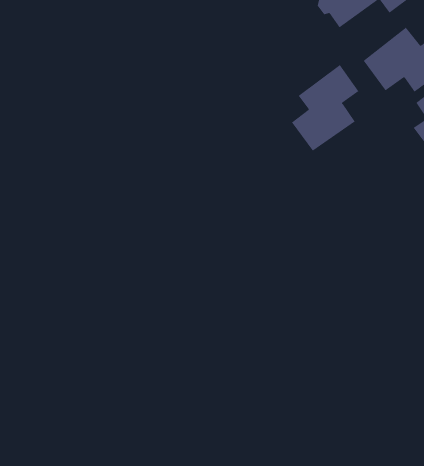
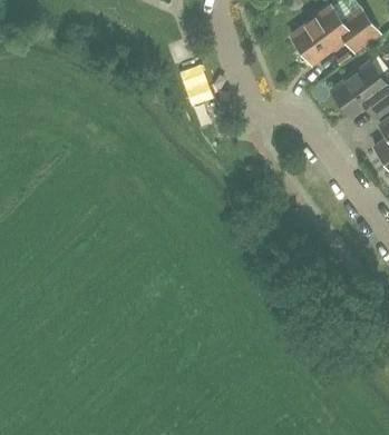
building: [291,64,359,151] -> none

